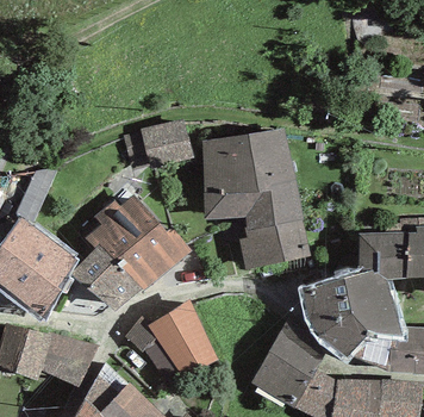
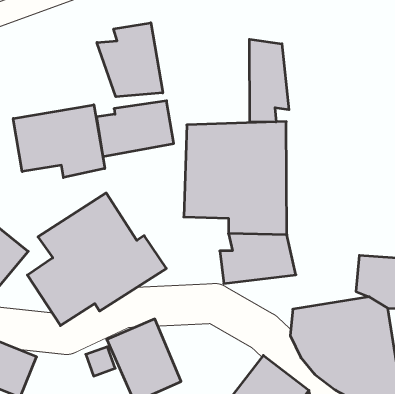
building: none -> [97,23,163,97]
building: none -> [249,39,289,122]
building: none -> [13,105,105,178]

